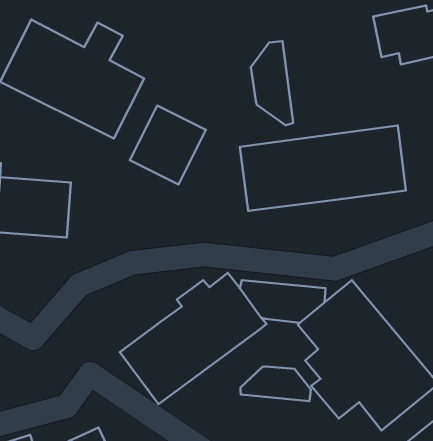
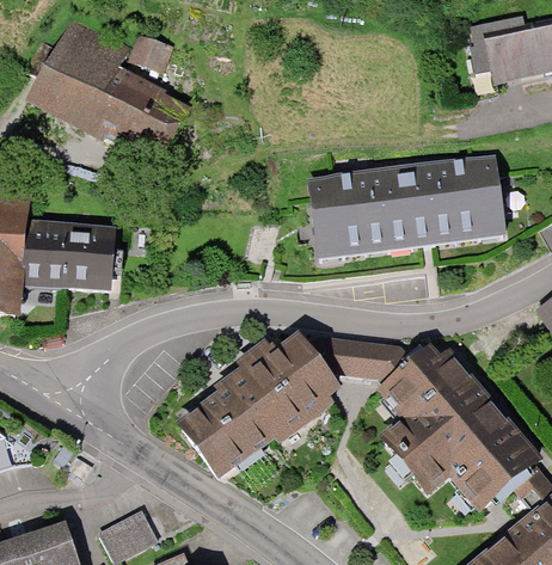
building: [251,41,293,125] -> none
building: [130,106,206,185] -> none
building: [240,367,311,401] -> none

